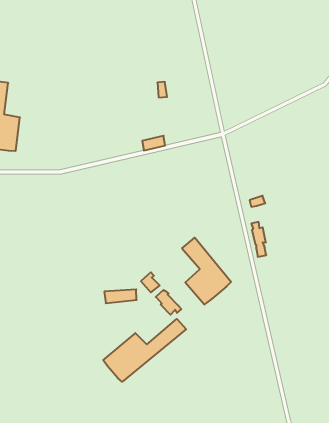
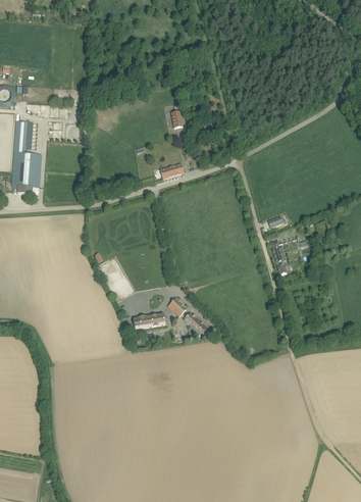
building: [182,238,231,305] -> none
building: [103,319,186,382] -> none

